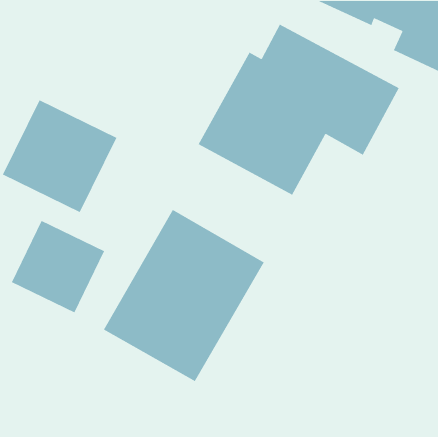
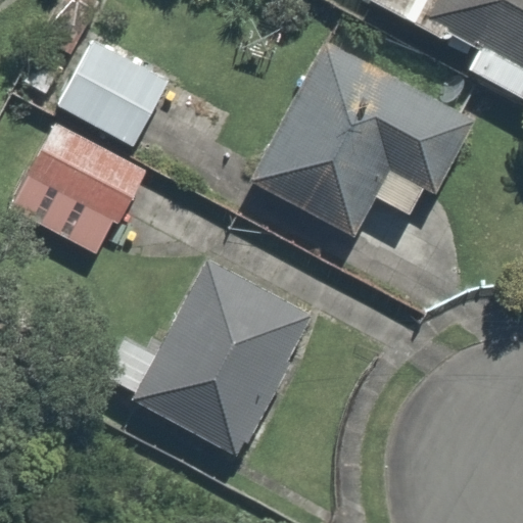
building: none -> [56,37,171,147]
building: [11,220,105,314] -> none

